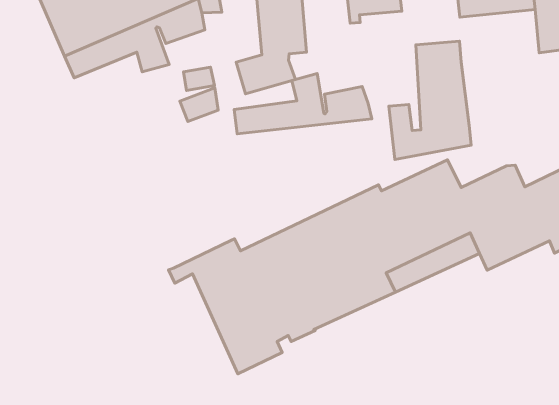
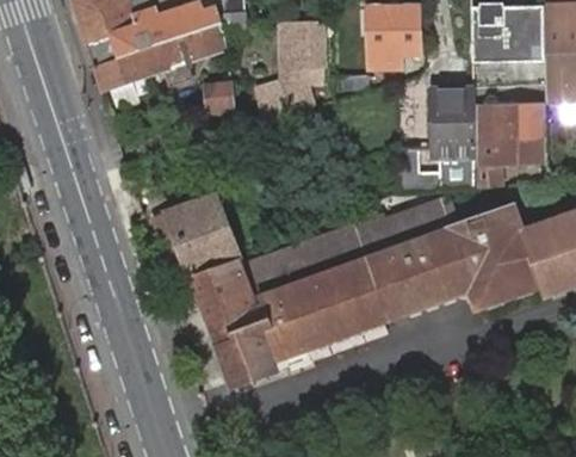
building: none -> [471,104,547,167]
building: [234,74,372,134] -> none
building: none -> [142,196,234,289]

